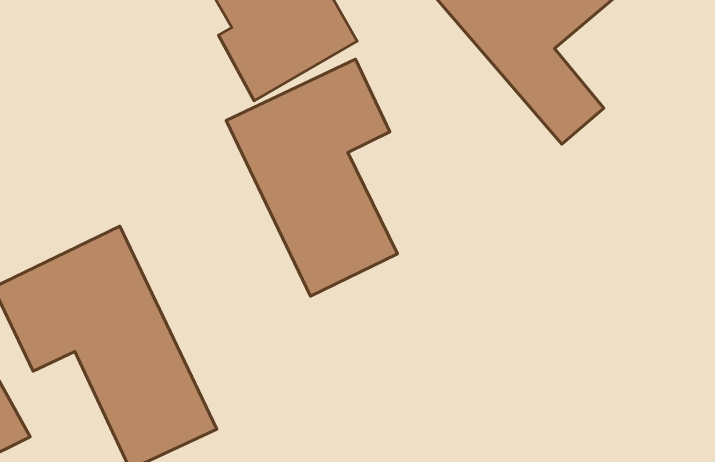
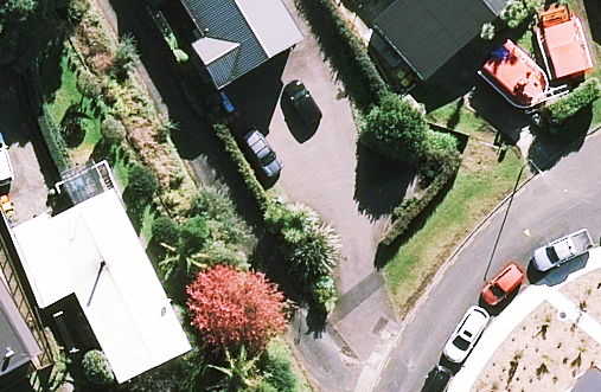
building: [226,59,397,296] -> none

